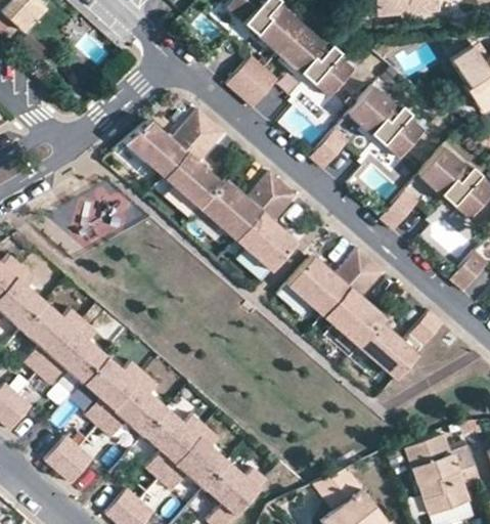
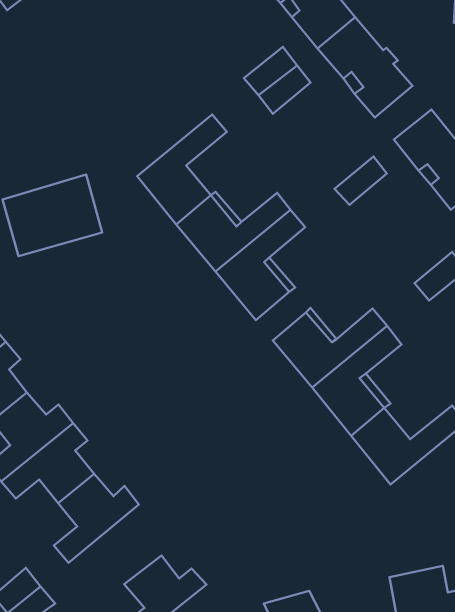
building: [125,107,210,175] -> none
building: [158,424,227,488] -> none

